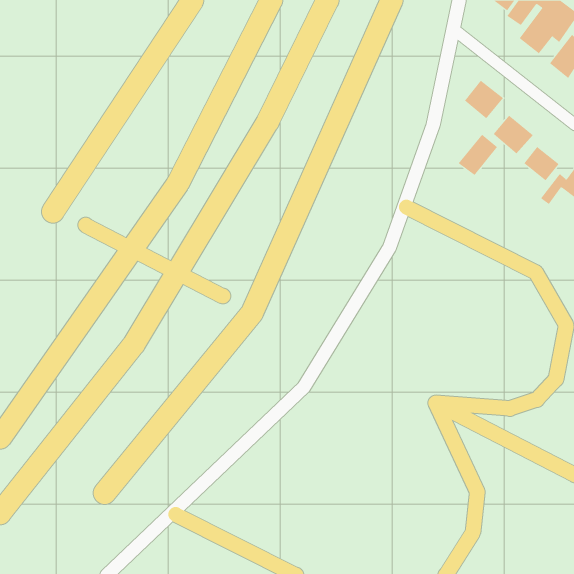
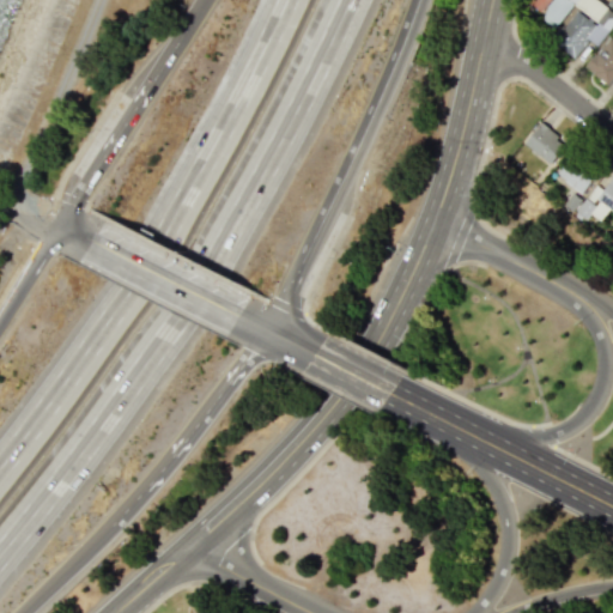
building: [464,80,504,119] -> none
building: [458,134,498,176] -> none

